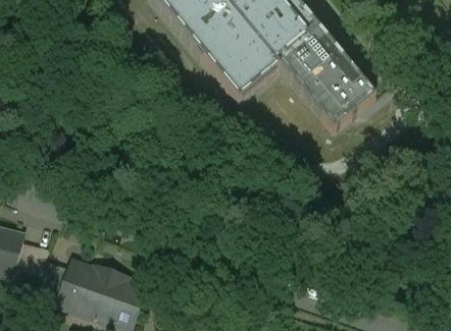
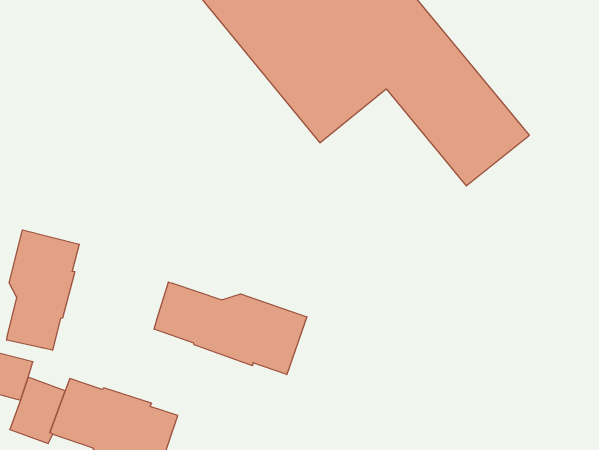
building: none -> [7,230,79,350]
building: none -> [154,282,307,375]

